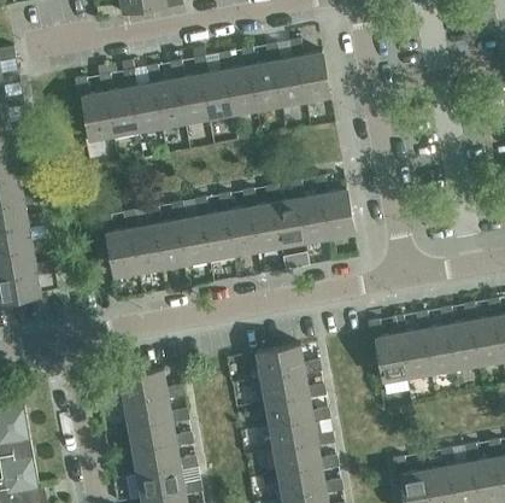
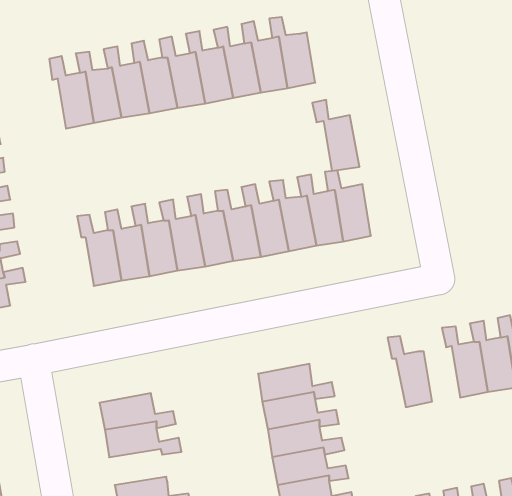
building: [288,41,329,103] -> [312,100,360,171]
building: [392,317,430,379] -> none
building: [127,420,193,451] -> none

